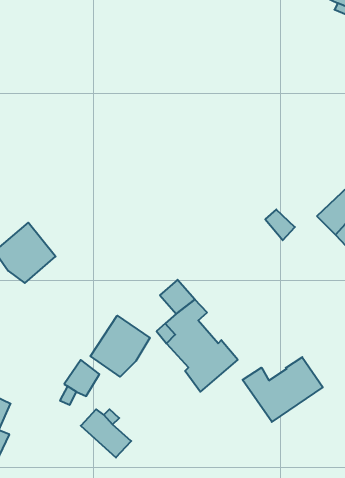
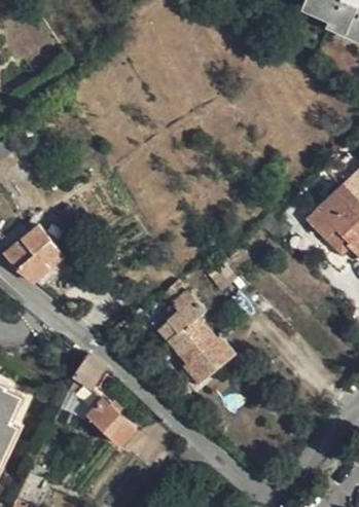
building: [90,316,150,377] -> none
building: [243,357,323,422] -> none

